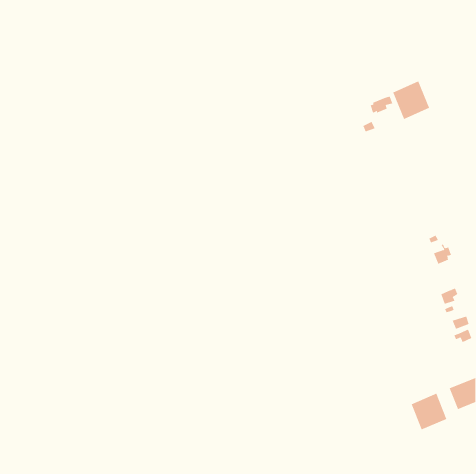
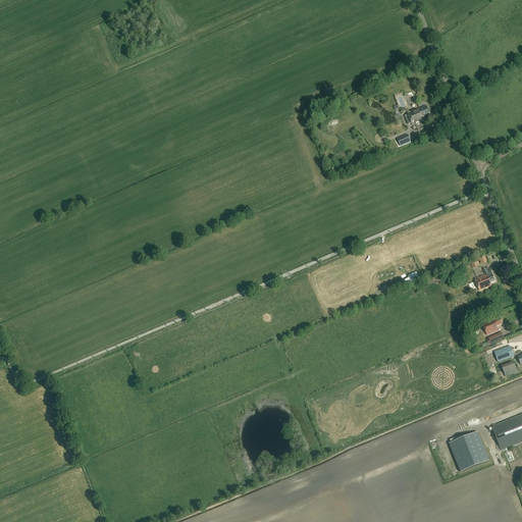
building: [392,80,430,120] -> none

